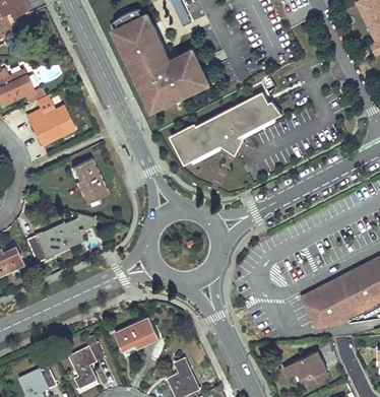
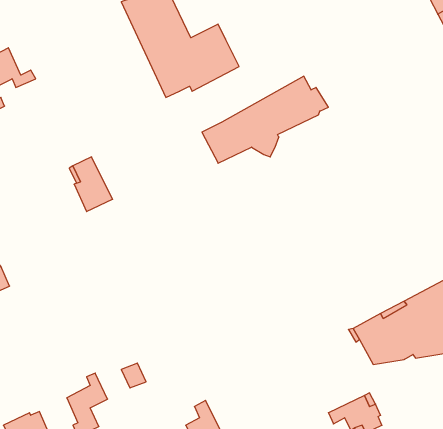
building: [26,107,73,144] -> none
building: [170,127,196,170] -> none
building: [25,213,90,263] -> none
building: [127,317,159,347] -> none

